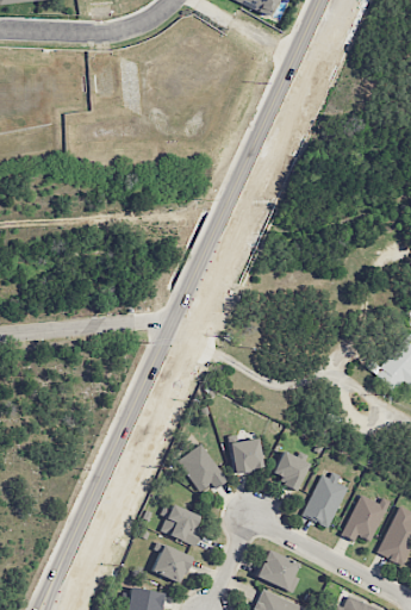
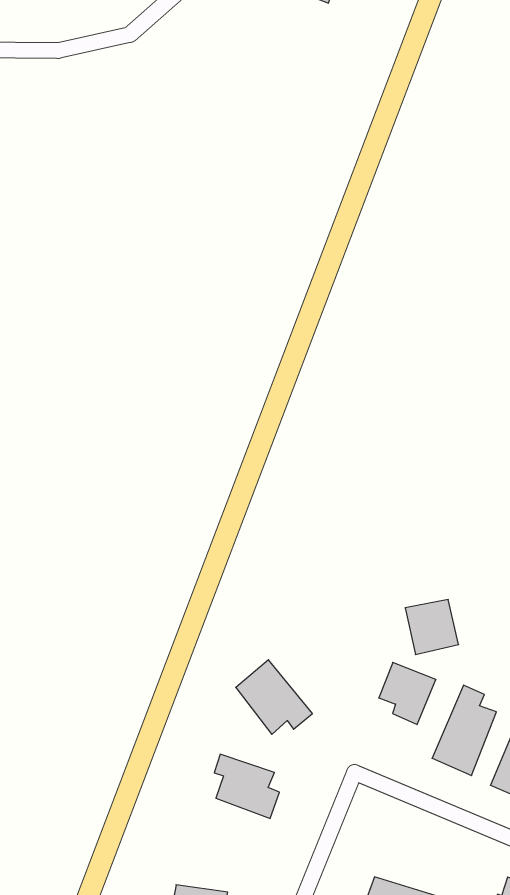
building: [230,438,263,473] -> [405,600,459,655]
building: [152,543,191,583] -> none
building: [256,550,299,592] -> none

